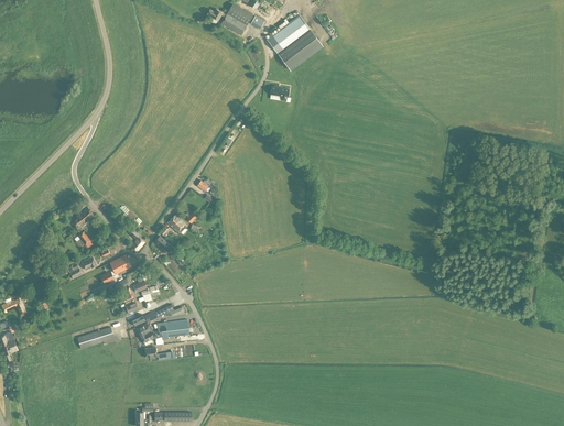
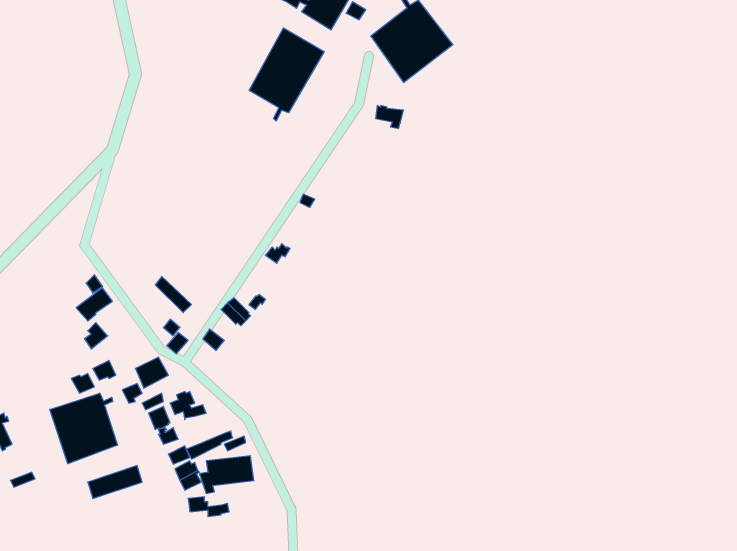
building: none -> [249,28,324,121]
building: none -> [50,393,118,464]

